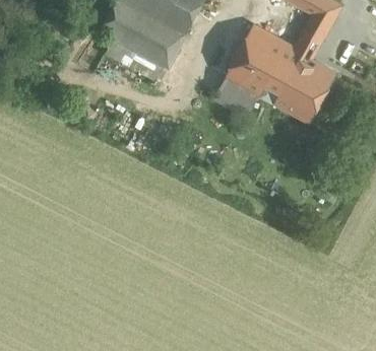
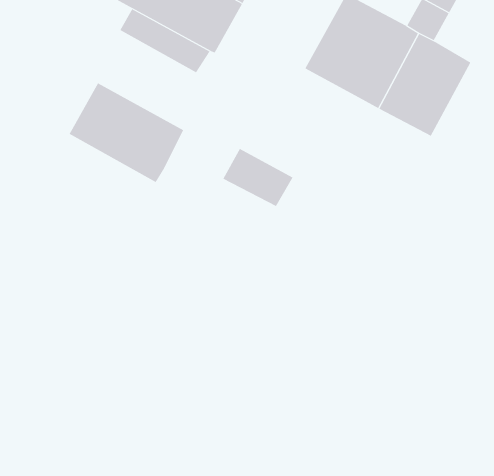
building: [215,76,262,115] -> [223,148,294,207]
building: none -> [69,82,184,183]

